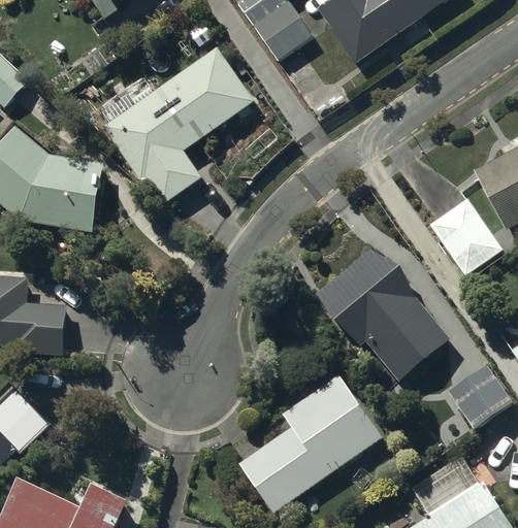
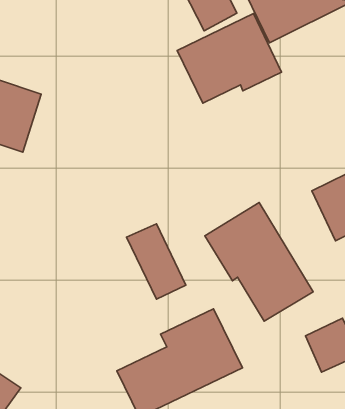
building: none -> [177,14,282,103]
building: [106,47,254,203] -> none
building: none -> [127,224,186,299]

